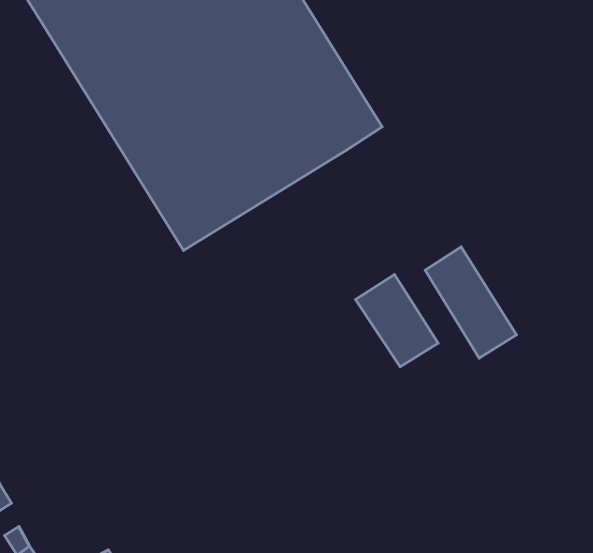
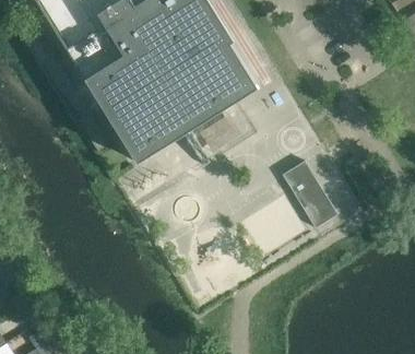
building: [356,274,438,367] -> none

